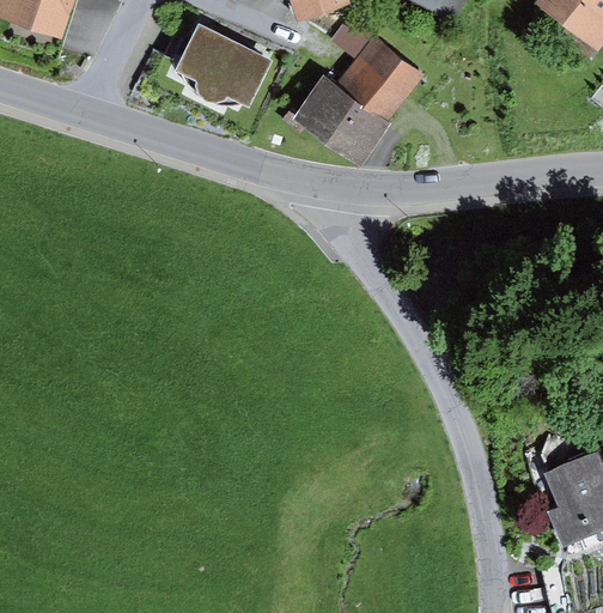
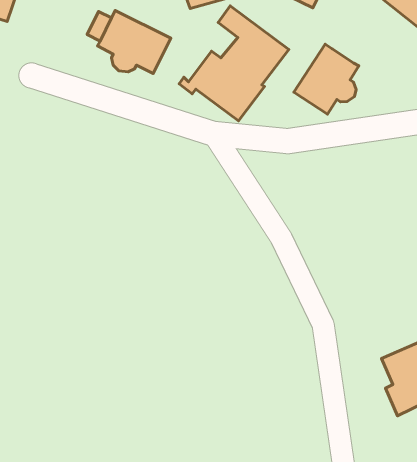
building: none -> [294,44,359,114]

